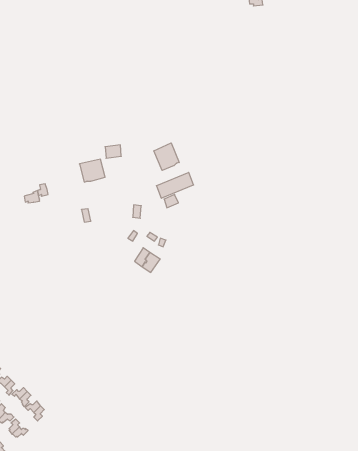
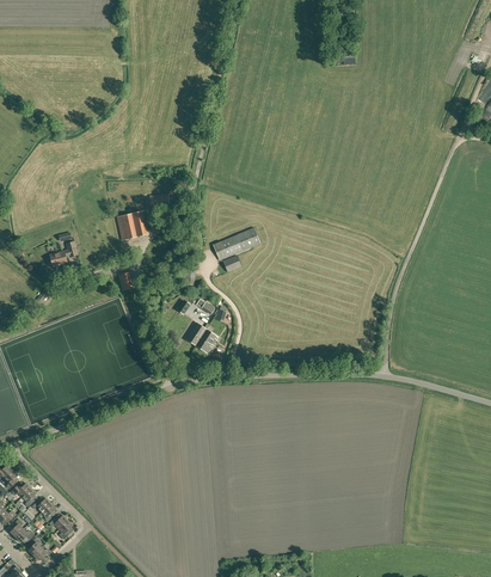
building: [154,143,179,170] -> none

